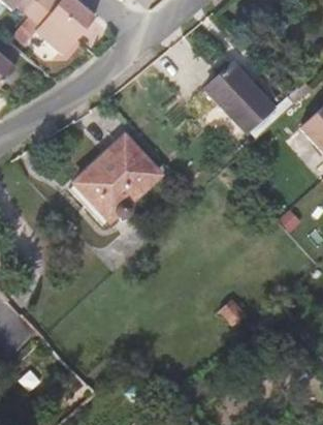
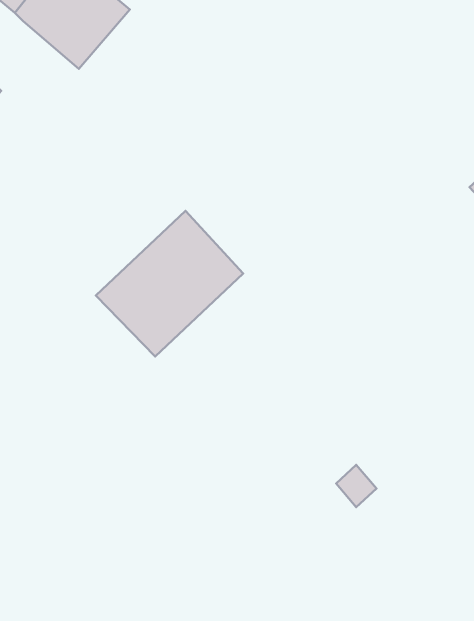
building: [206,64,272,131] -> none

